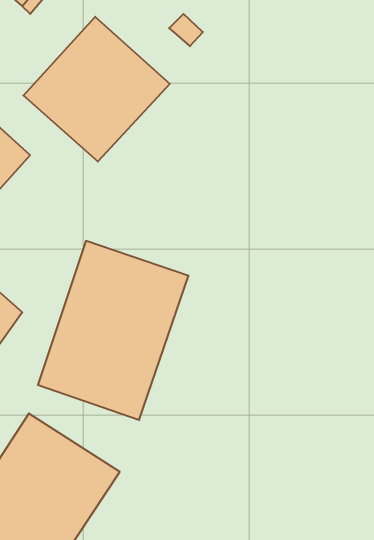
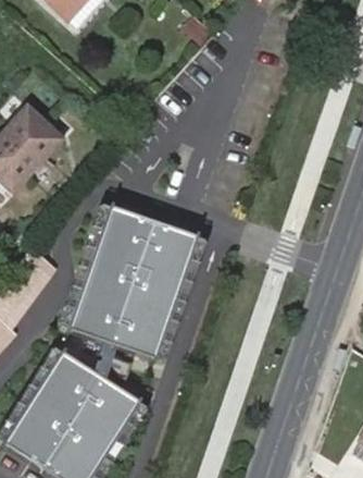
building: [23,17,170,162] -> none

